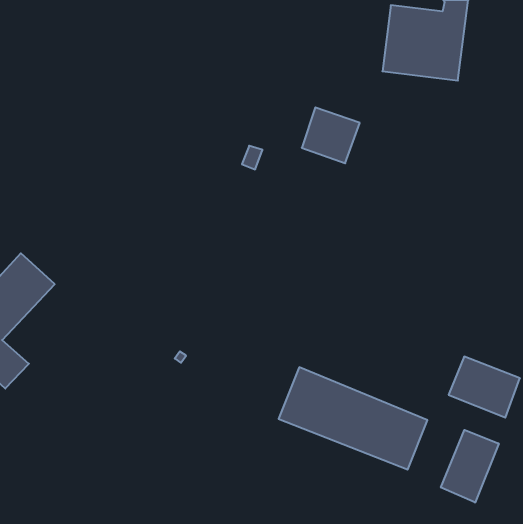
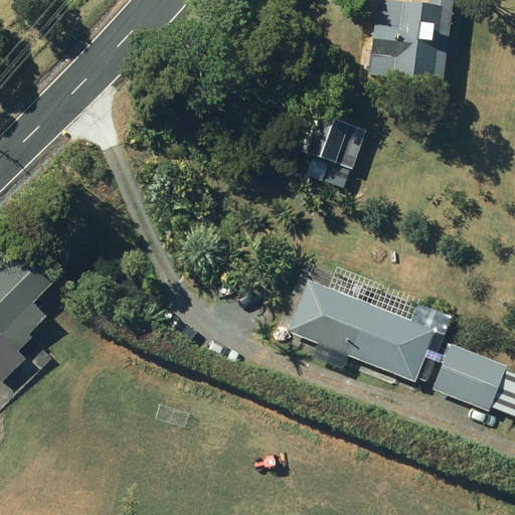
building: [279,367,427,470] -> [291,282,436,381]
building: [441,430,499,503] -> none

